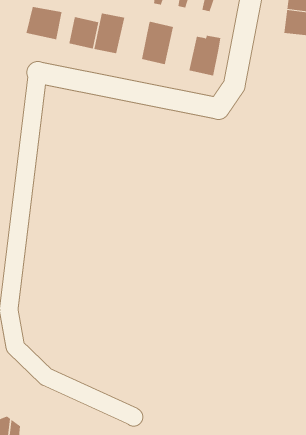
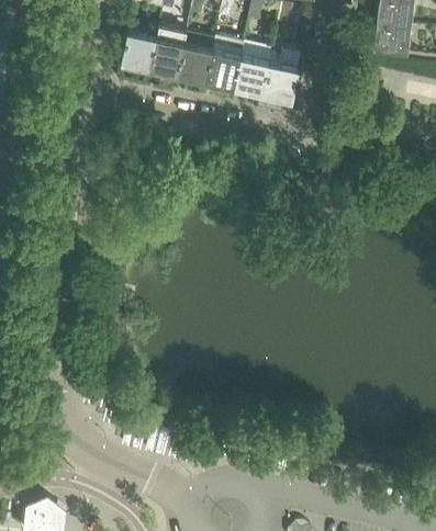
building: [26,6,62,40] -> none
building: none -> [177,32,214,81]
building: none -> [234,43,271,94]

